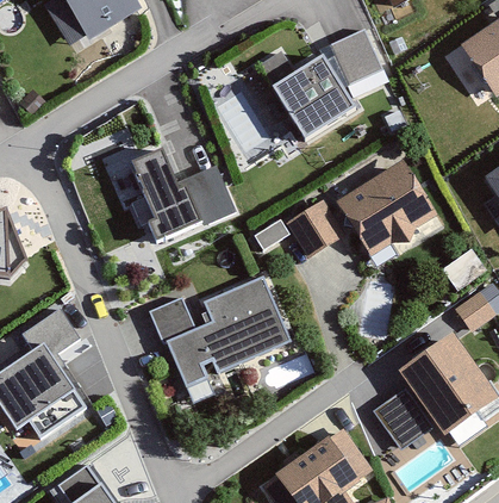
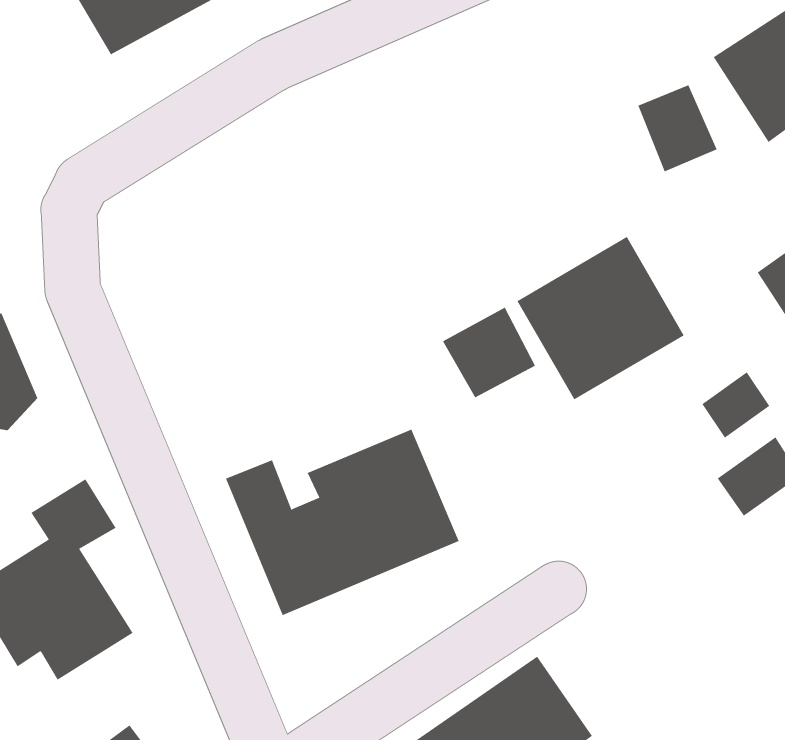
building: [331,31,381,86] -> [637,85,717,172]
building: [264,58,345,142] -> none
building: [125,161,232,244] -> none
building: [372,334,489,447] -> none

